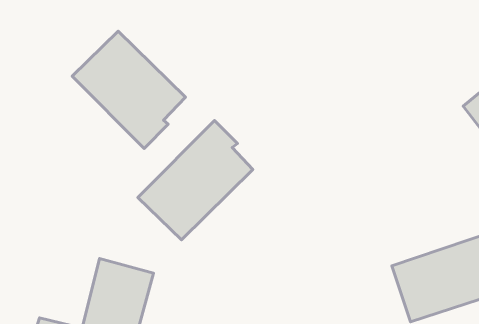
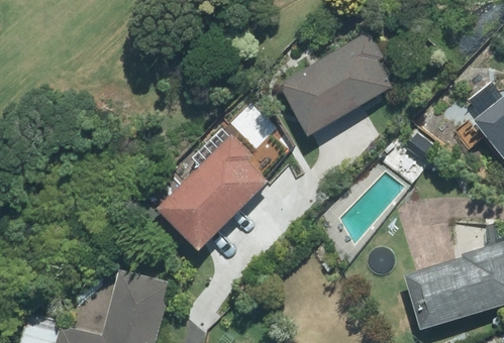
building: none -> [280,31,393,136]
building: [72,31,185,148] -> none

